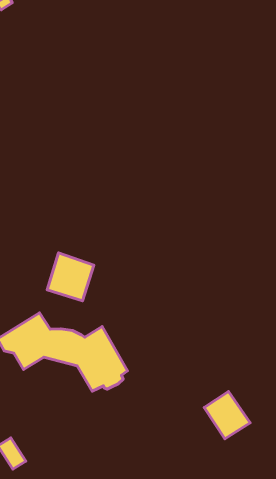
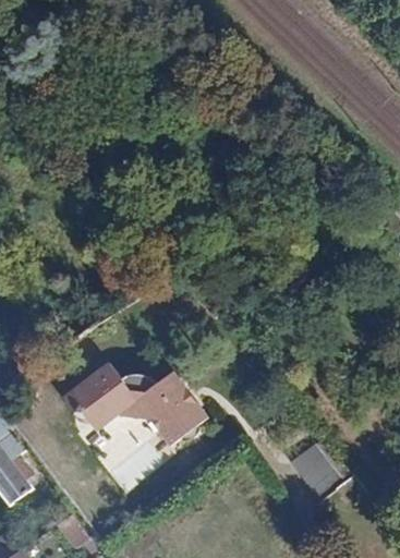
building: [47,253,94,301] -> none

